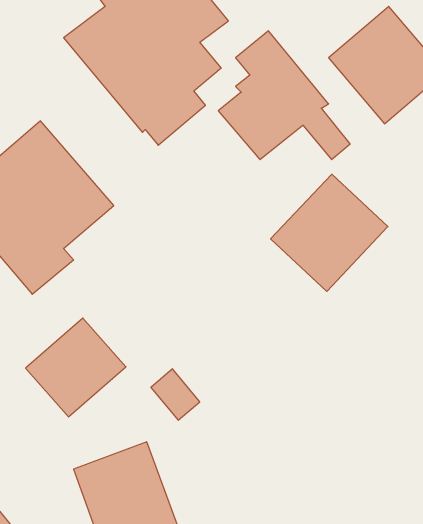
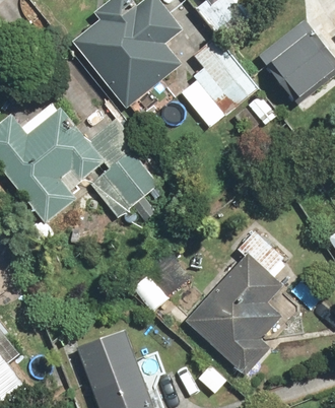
building: [271,174,388,291] -> none
building: none -> [185,229,282,373]
building: [26,318,126,417] -> [87,148,158,218]

